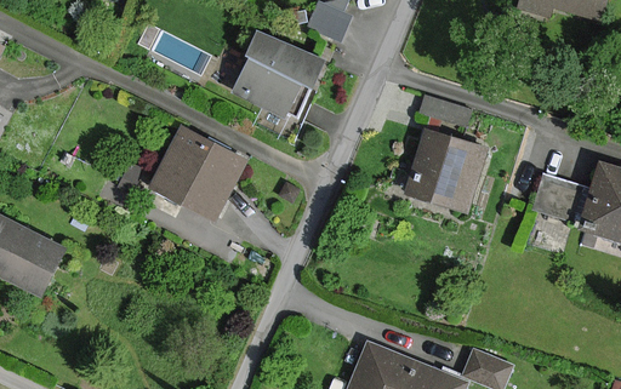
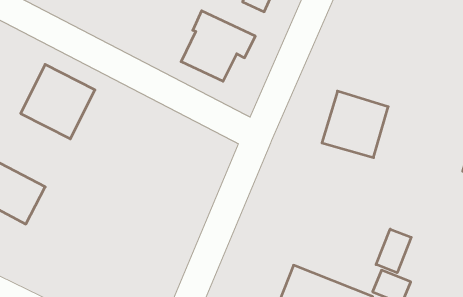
building: [150,127,243,219] -> [21,64,95,139]
building: [530,168,575,211] -> none
building: none -> [376,229,411,273]

